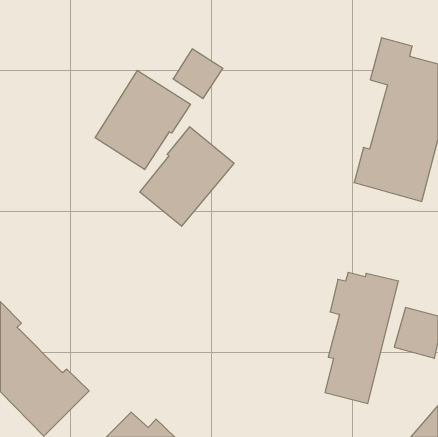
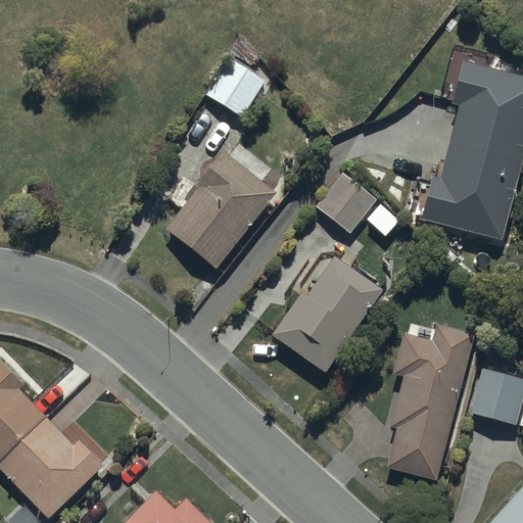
building: [95,70,190,170] -> none
building: none -> [316,173,377,234]
building: none -> [273,258,381,371]

